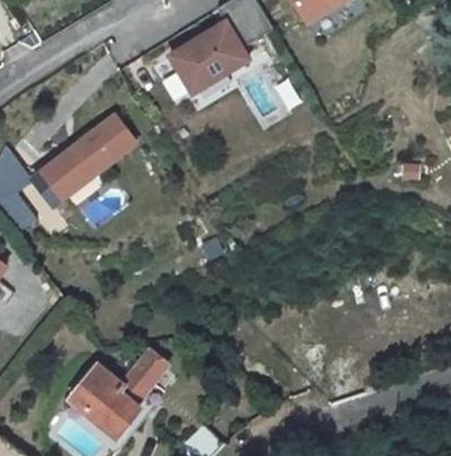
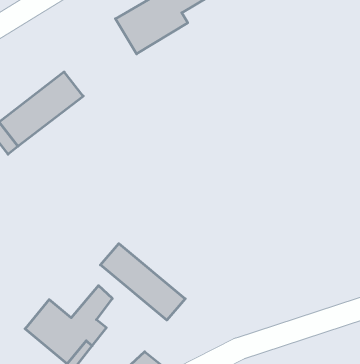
building: none -> [100,244,185,320]

